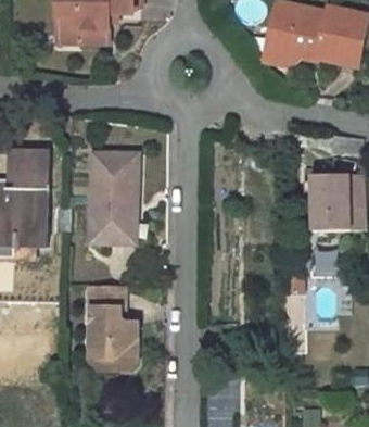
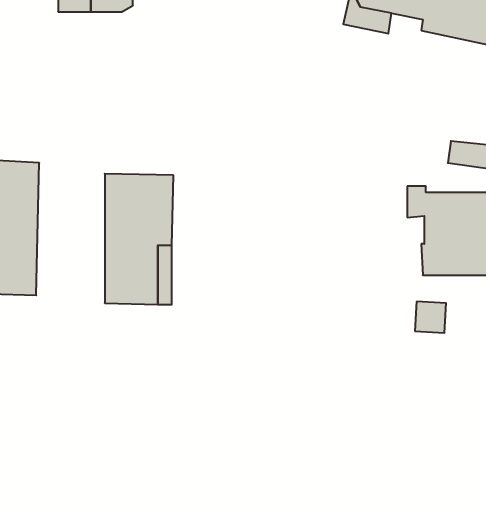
building: [87,285,136,375] -> none

